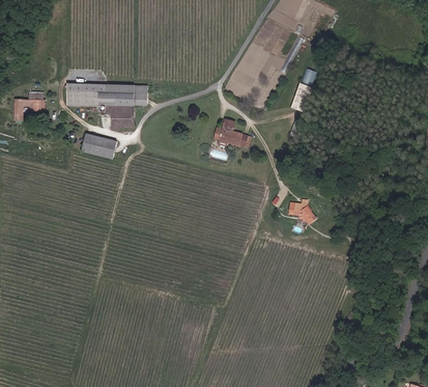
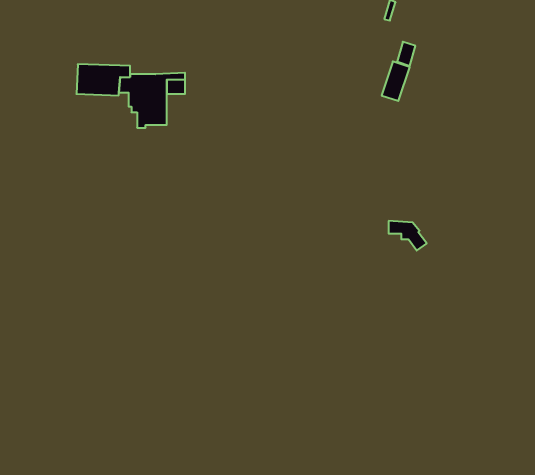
building: [16,93,45,114] -> none
building: [213,122,248,151] -> none
building: [82,134,117,160] -> none

